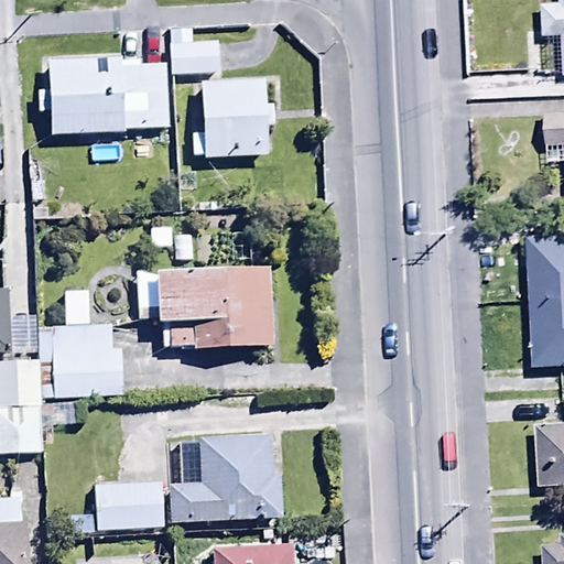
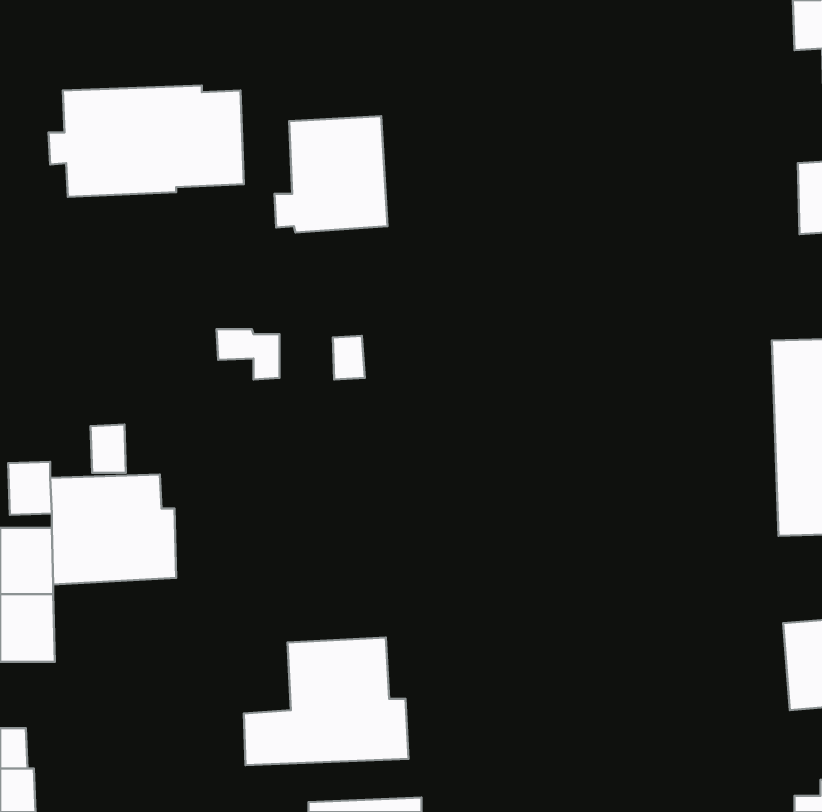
building: [169,26,223,74] -> none
building: [135,264,272,351] -> none
building: [95,480,164,534] -> none

